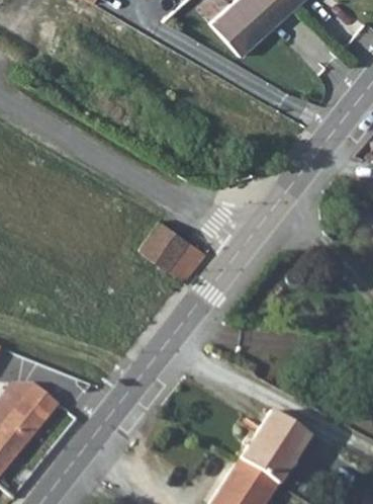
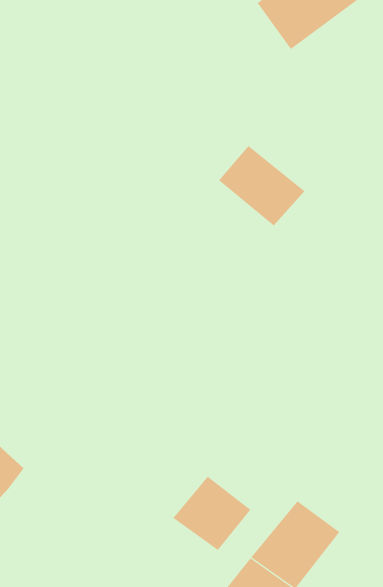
building: [139,223,208,284] -> [218,145,305,226]
building: none -> [172,476,251,551]

